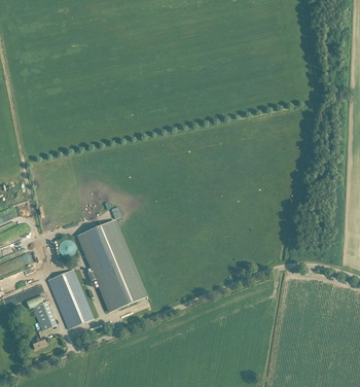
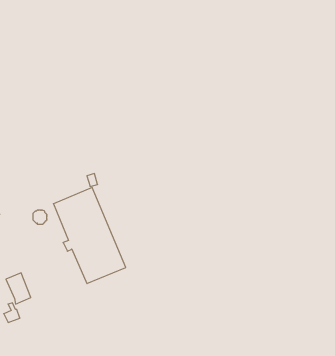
building: [47,269,93,328] -> none

